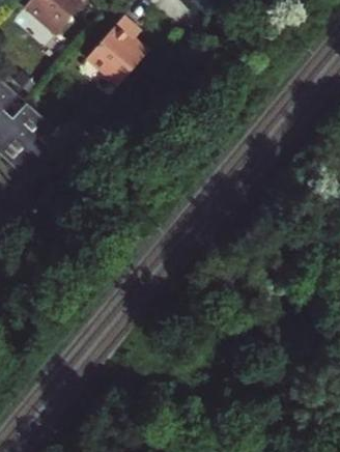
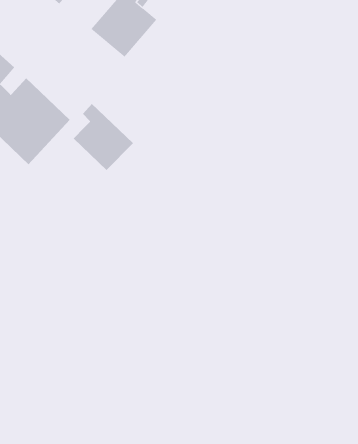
building: none -> [73,103,134,171]

